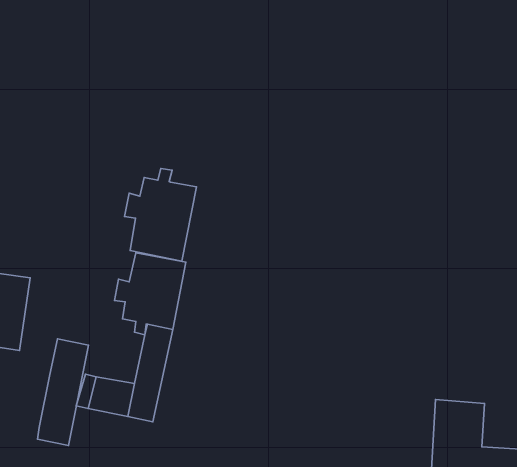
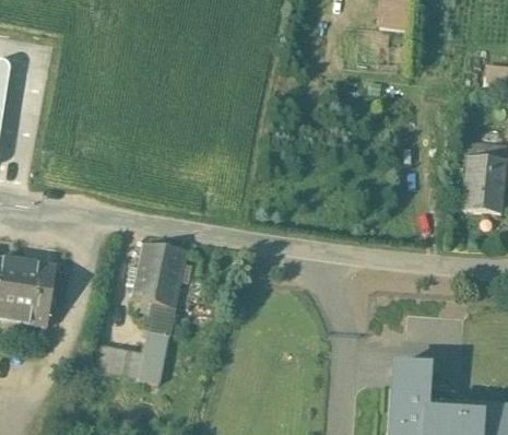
building: [124,169,197,261] -> none
building: [37,339,88,446] -> none

